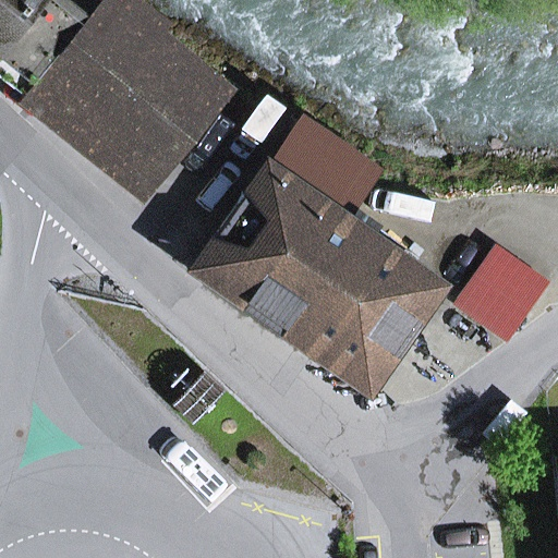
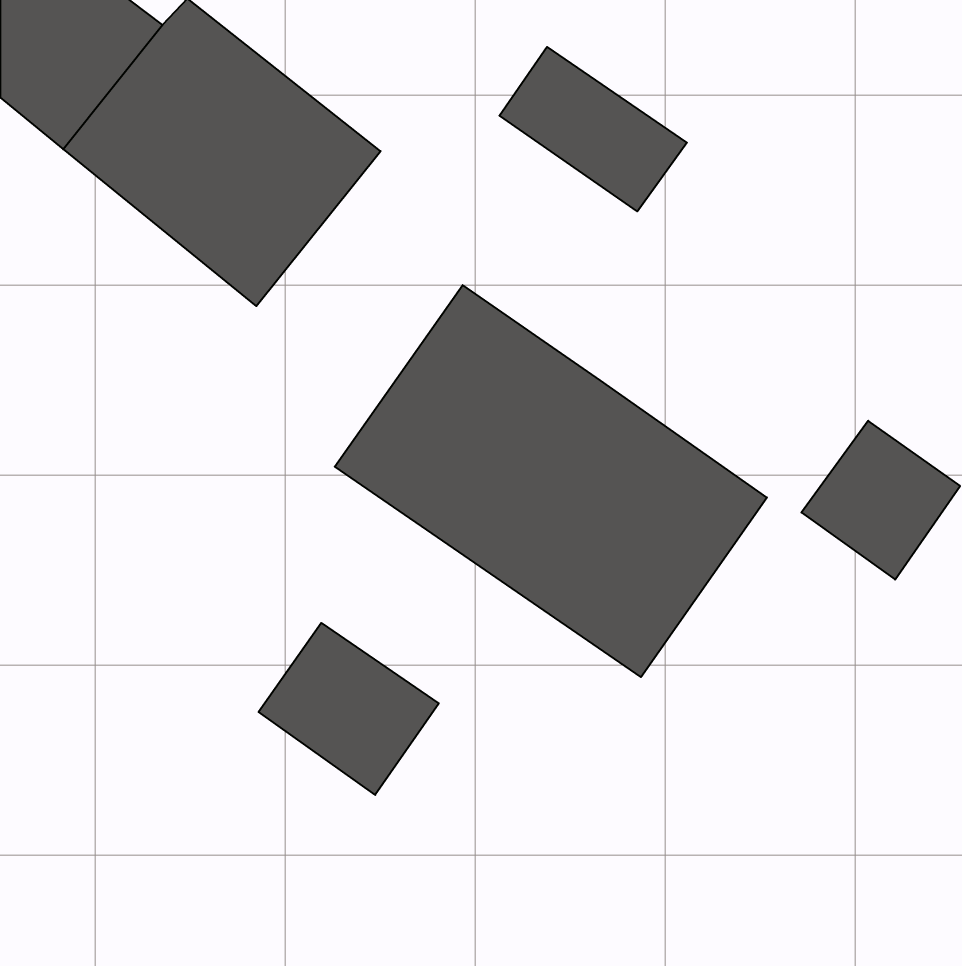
building: [272,123,379,217] -> [499,47,687,211]
building: none -> [259,623,439,795]

